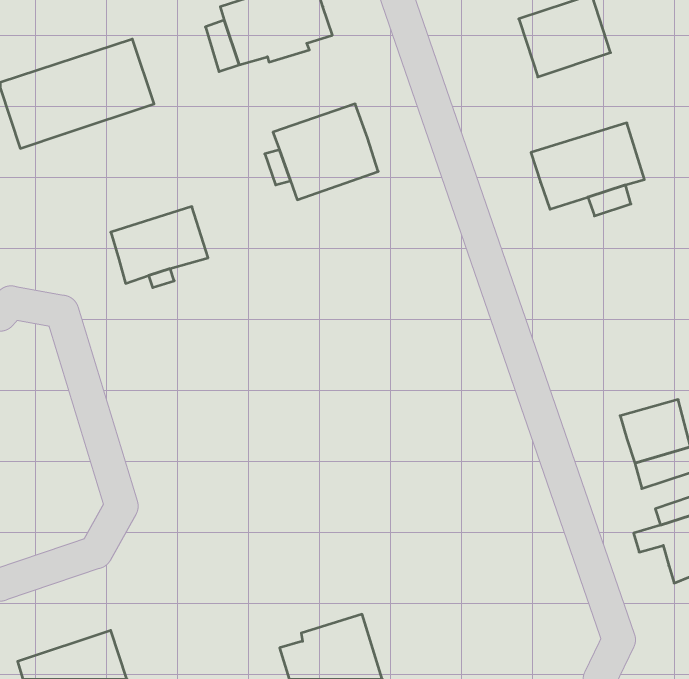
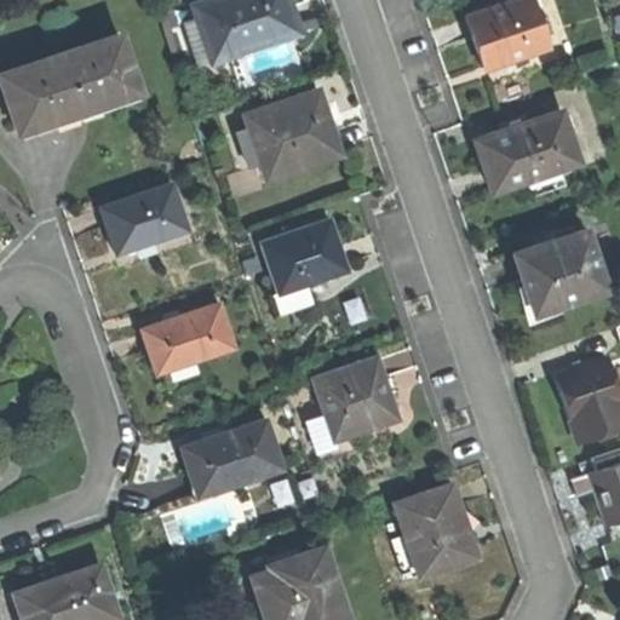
building: none -> [266,219,349,289]
building: none -> [515,231,602,306]
building: none -> [142,308,230,373]
building: none -> [312,360,397,441]
building: none -> [185,424,285,499]
building: none -> [398,489,477,579]

